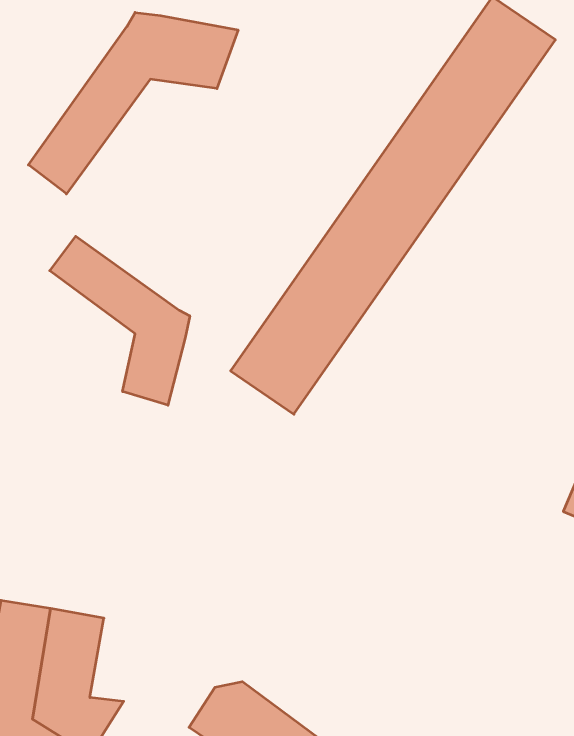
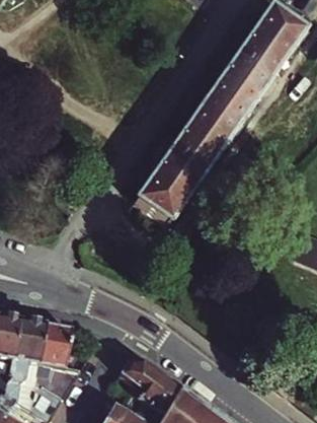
building: [28,12,238,194] -> none
building: [50,236,190,405] -> none

